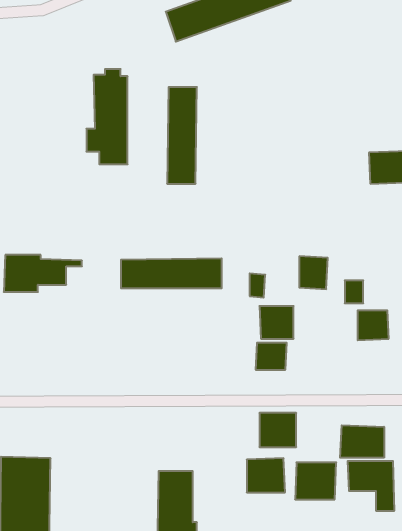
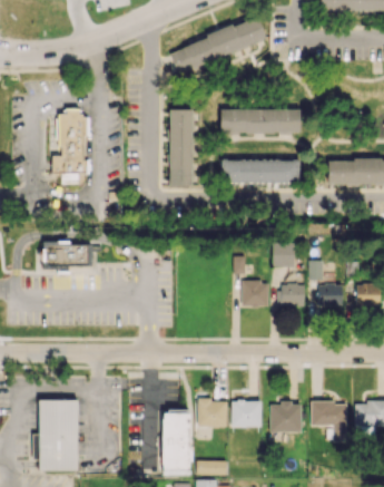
building: [86,69,128,164] -> [52,109,85,184]
building: none -> [220,109,299,134]
building: [121,258,222,288] -> [220,159,299,183]
building: [256,343,287,370] -> [280,284,305,305]
building: [259,413,296,447] -> [198,400,227,427]
building: [340,425,384,458] -> none

